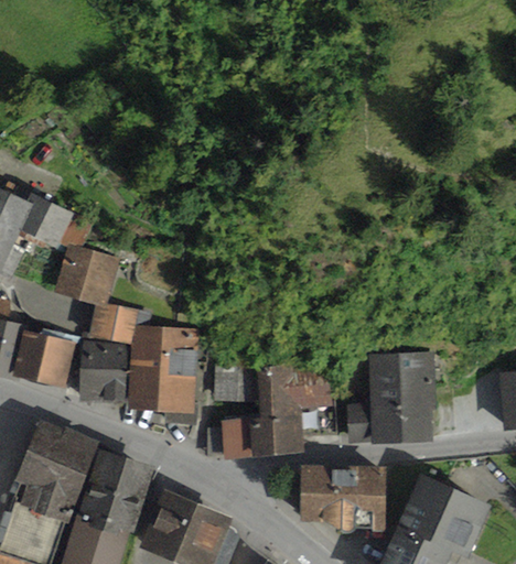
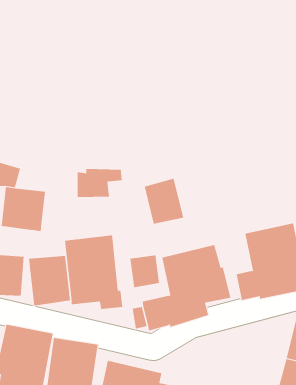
building: none -> [144,178,184,225]
building: [89,303,153,345] -> [77,169,123,197]
building: [300,466,386,535] -> none

